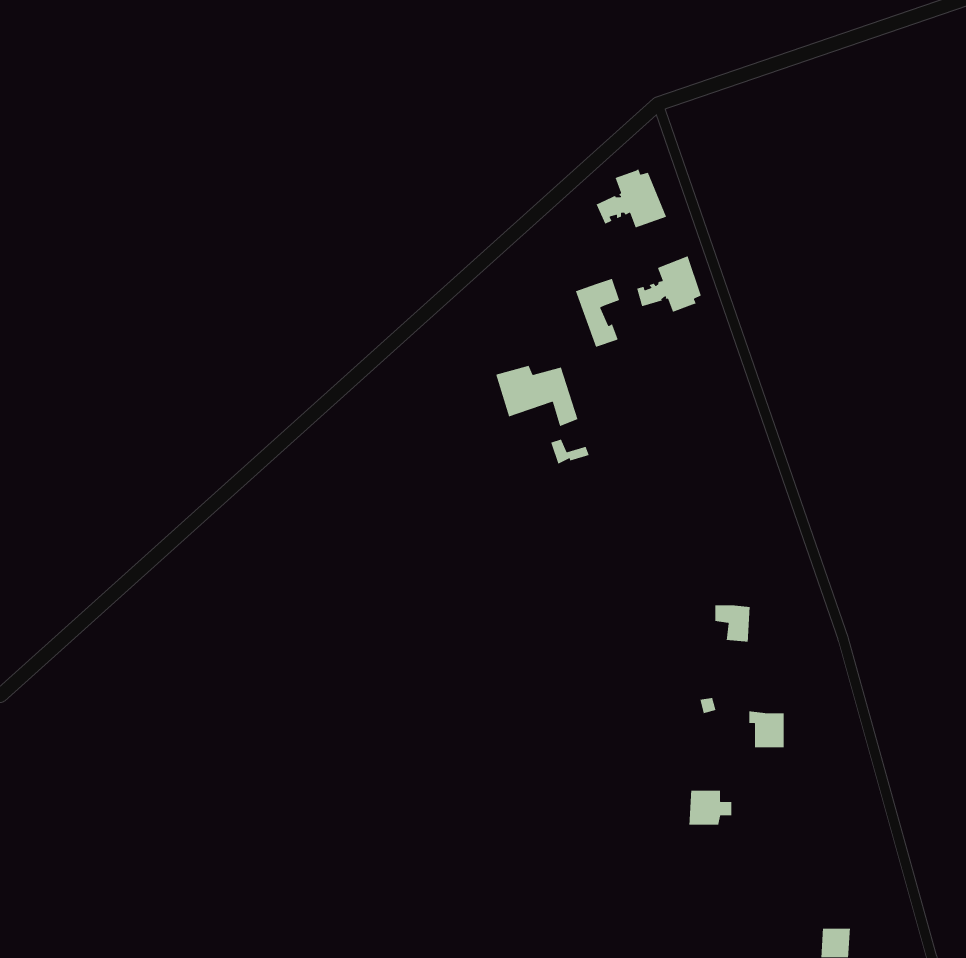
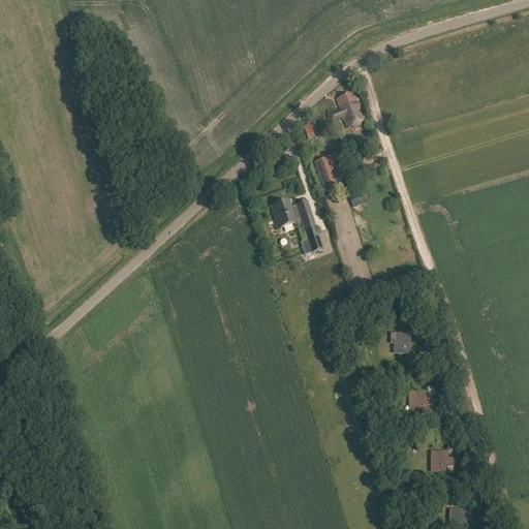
building: [636,255,702,313] -> none
building: [689,790,732,826] -> [430,449,454,469]

